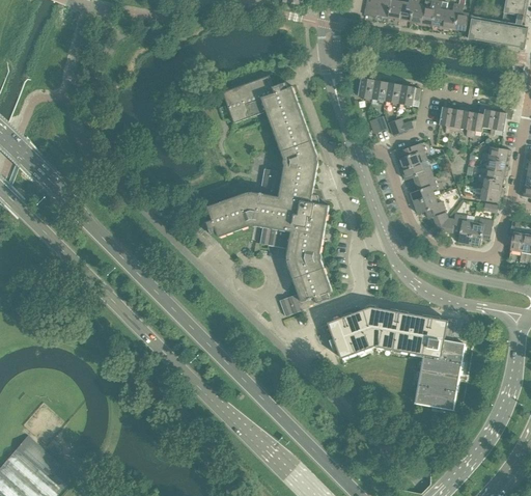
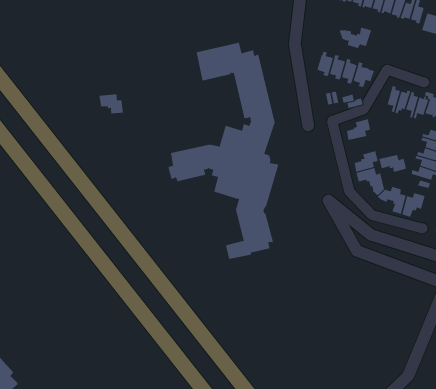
building: none -> [338,27,372,49]
building: none -> [99,94,123,114]
building: [400,162,432,184] -> [379,155,407,174]
building: [320,307,465,409] -> none

